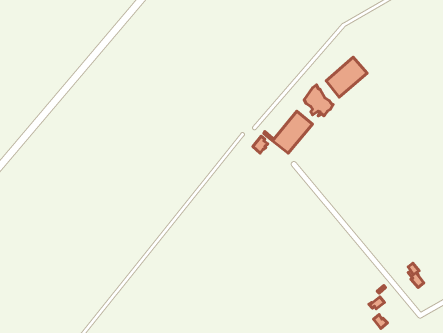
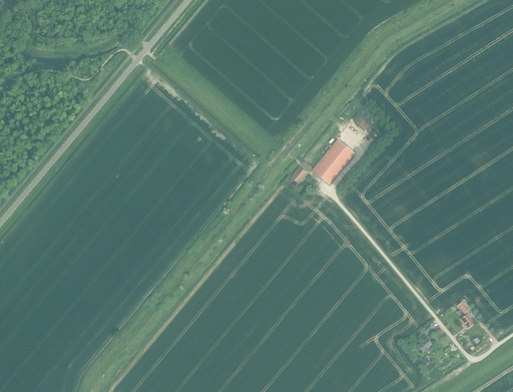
building: [326,57,367,97] -> none

